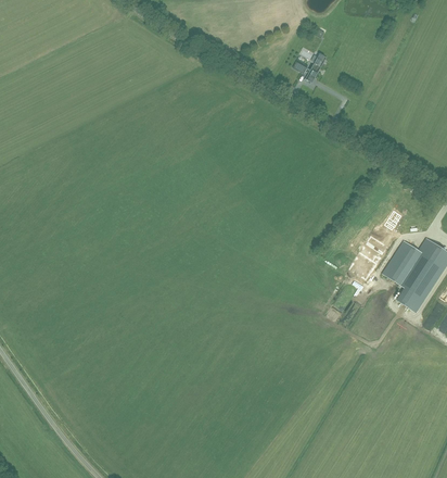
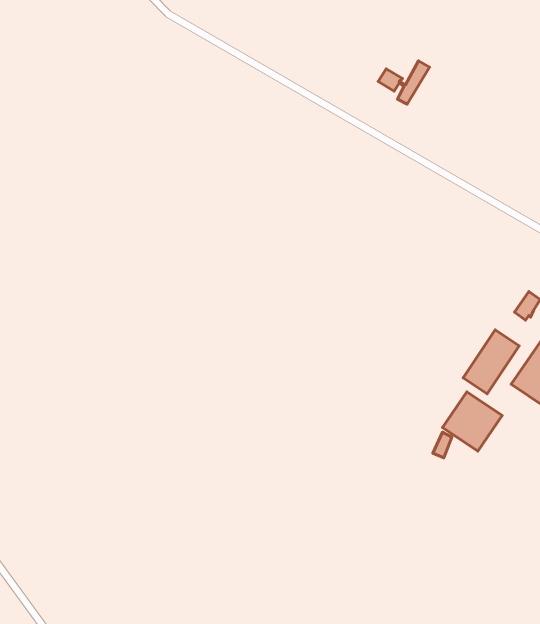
building: none -> [442,392,502,451]

